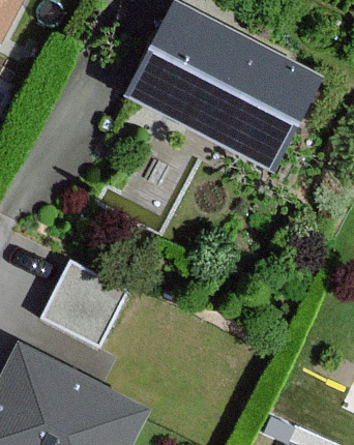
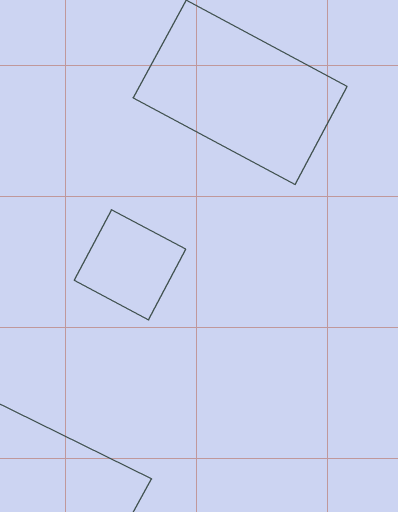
building: [37,260,130,352] -> [74,210,186,320]

